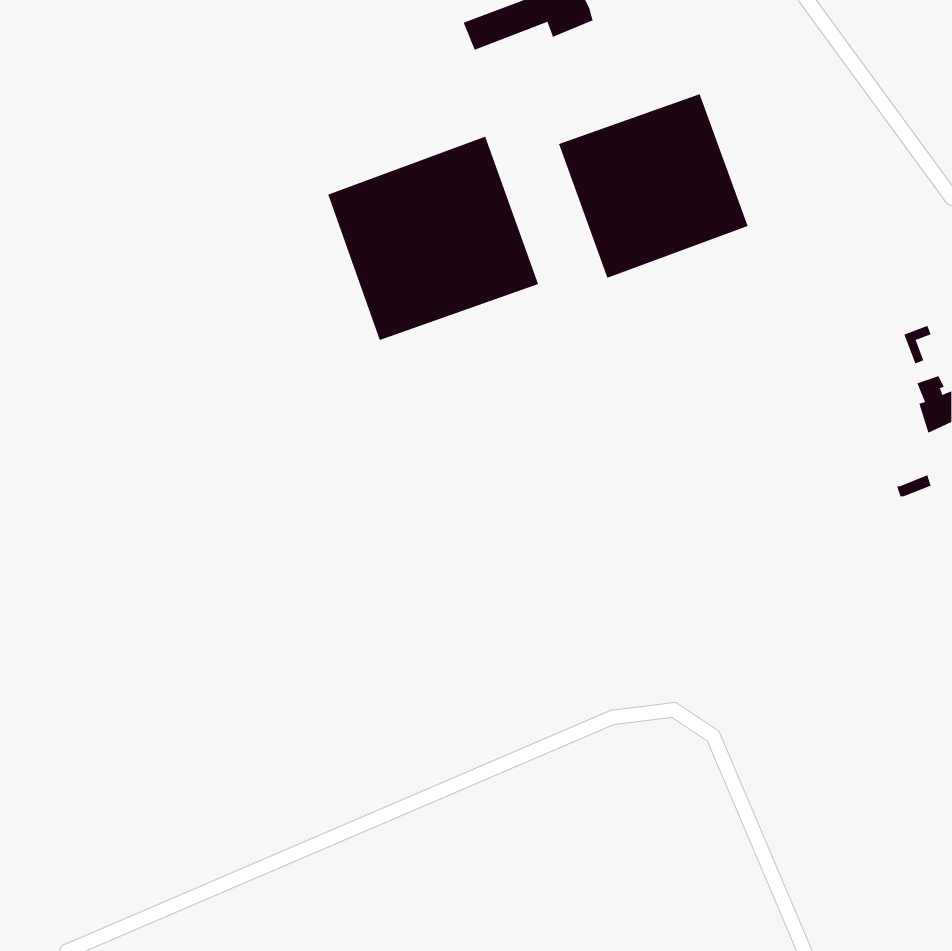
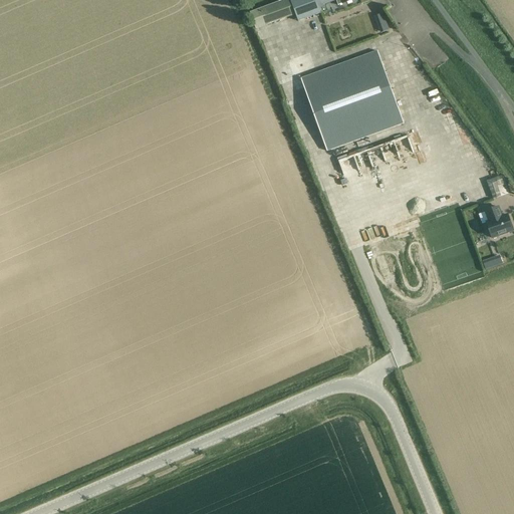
building: [327,136,539,341] -> none

